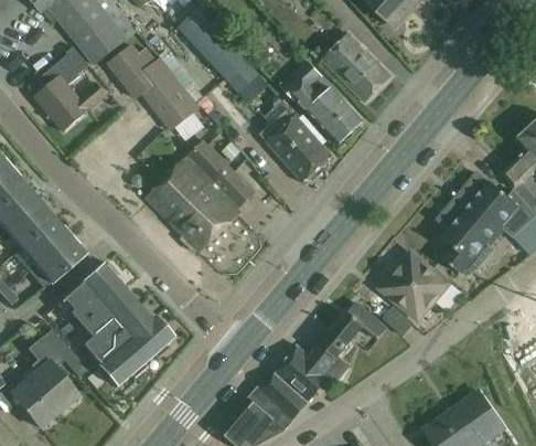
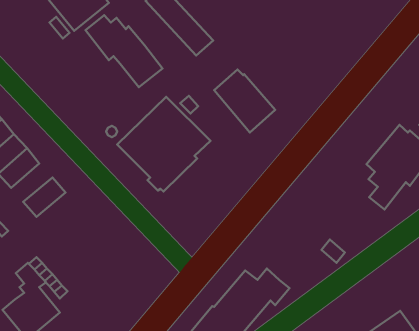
building: [322,32,392,100] -> none
building: [34,61,107,131] -> none
building: [281,61,363,144] -> none
building: [21,219,69,264] -> none
building: [382,254,446,318] -> none
building: [60,263,172,385] -> none
building: [321,301,386,355] -> none

